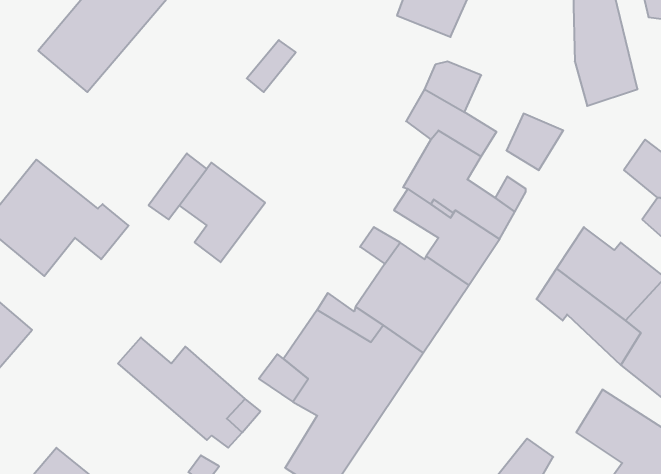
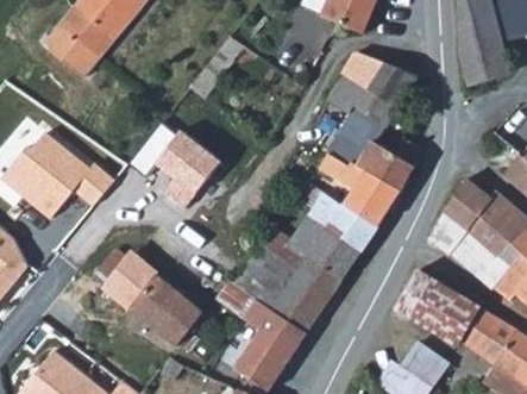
building: [506,114,563,170] -> [374,63,418,107]
building: none -> [92,248,157,287]
building: none -> [396,270,481,346]

